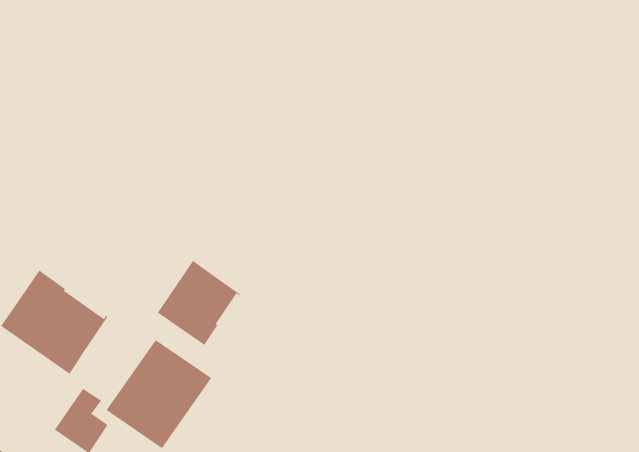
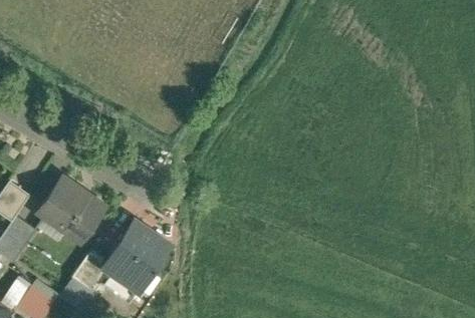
building: [157,260,241,346] -> none

